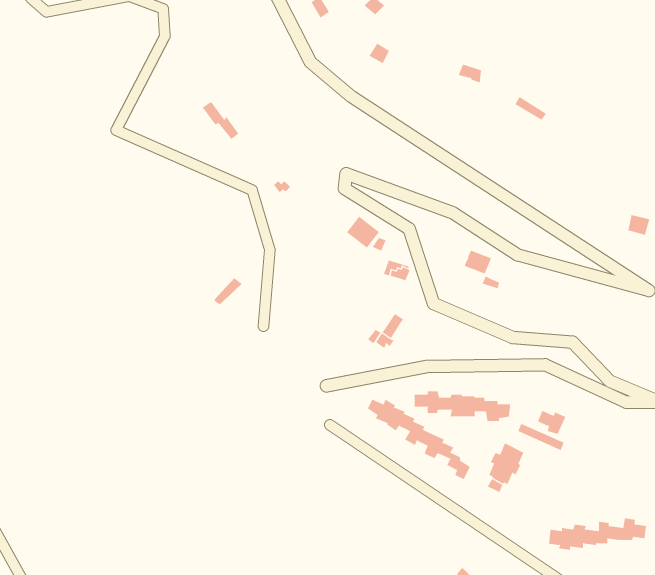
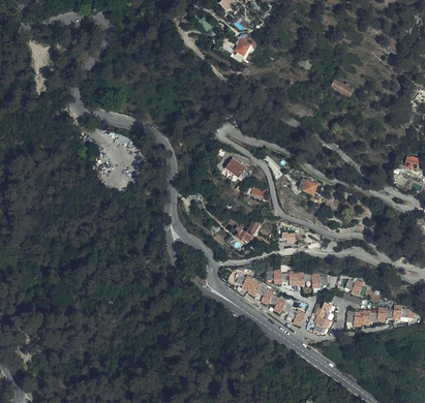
building: [548,518,647,550] -> [346,306,409,327]

